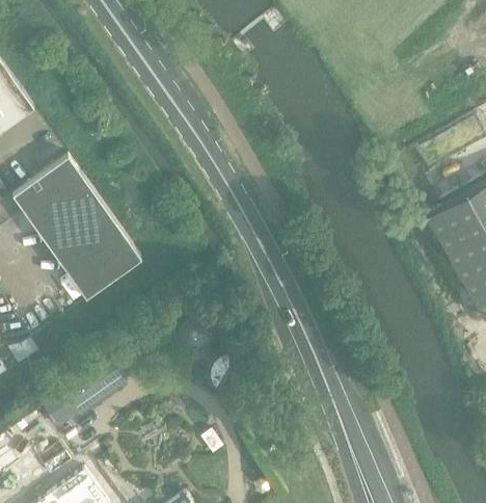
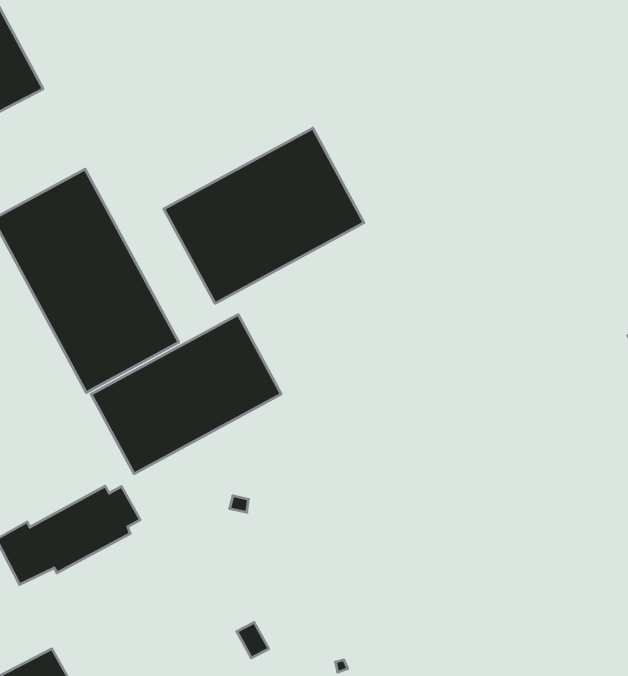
building: none -> [164,128,364,303]
building: none -> [91,315,281,474]

